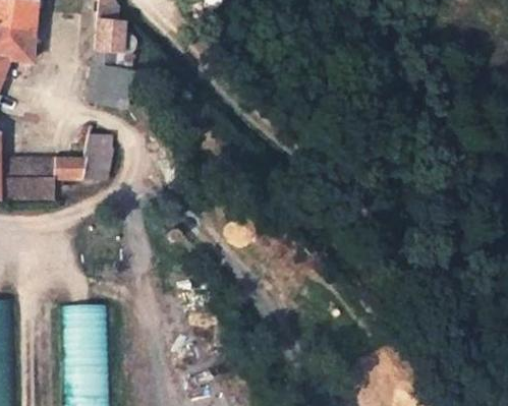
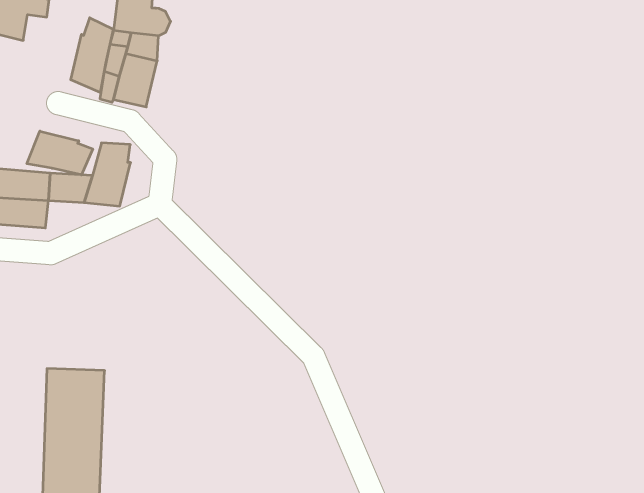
building: none -> [71,18,113,92]
building: none -> [27,131,93,175]

